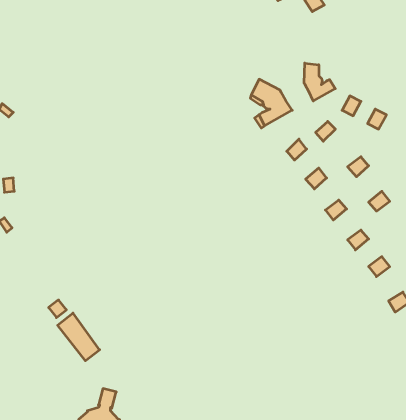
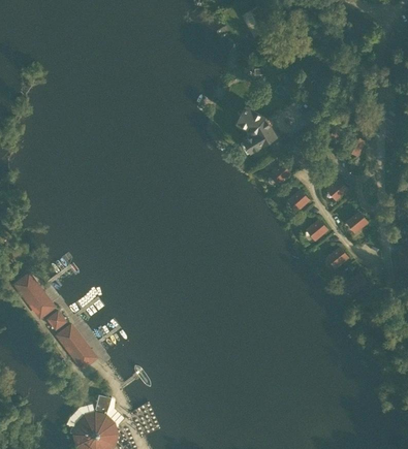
building: [304,63,335,101] -> none
building: none -> [15,275,54,318]

